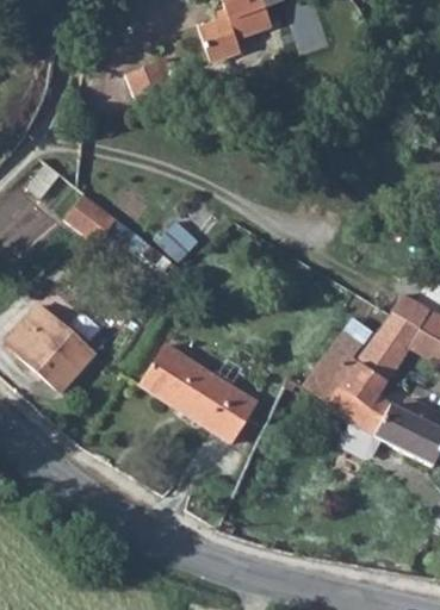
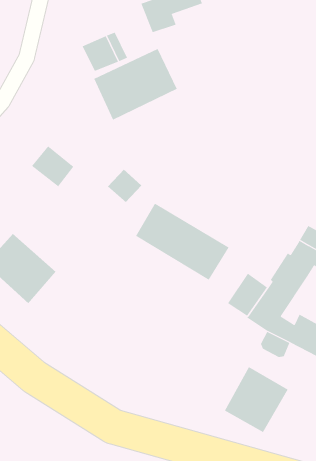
building: none -> [93,48,177,120]
building: [141,349,256,444] -> [135,203,230,281]
building: none -> [224,366,289,433]

